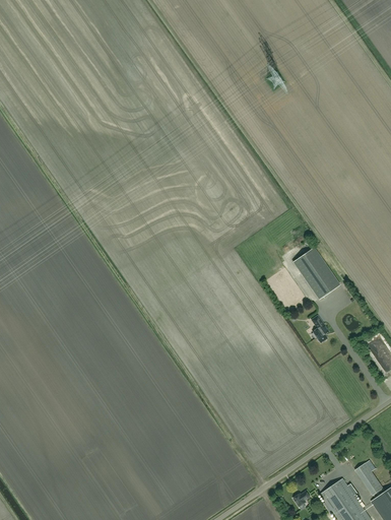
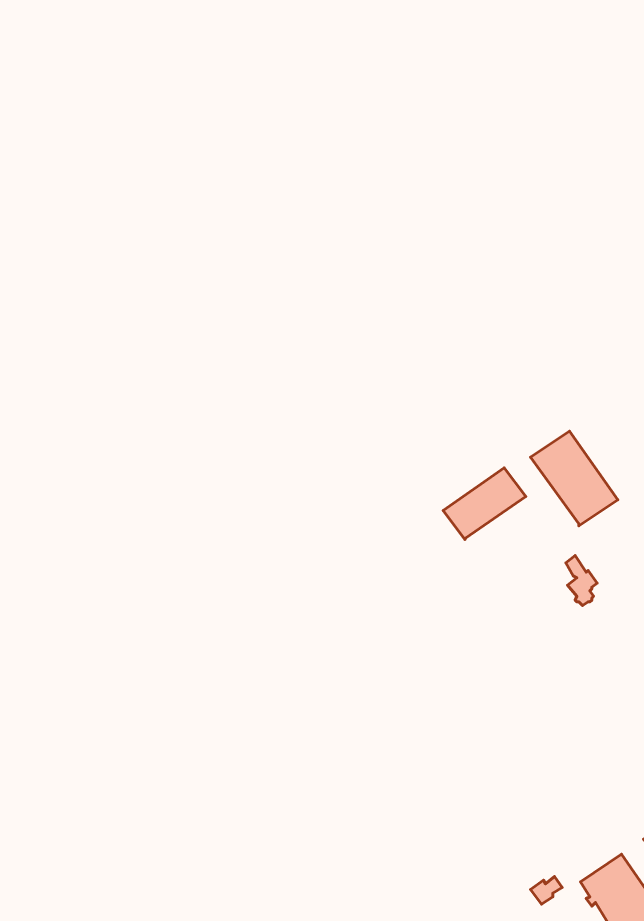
building: none -> [443,468,526,539]

